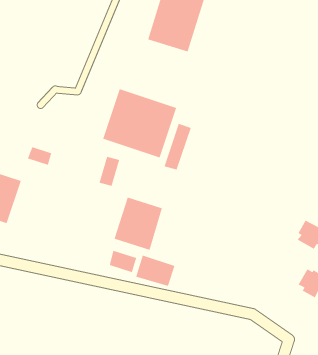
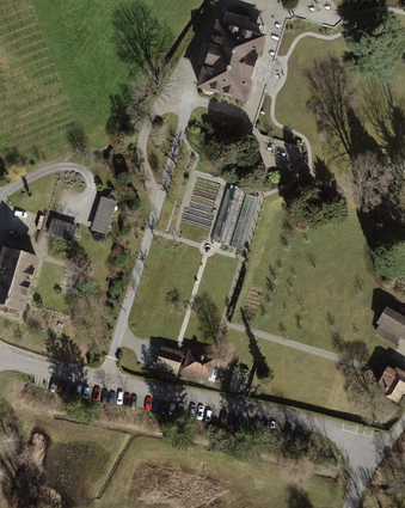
building: [102,88,177,159] -> none
building: [99,156,120,187] -> [90,196,116,234]
building: [114,197,163,251] -> none

